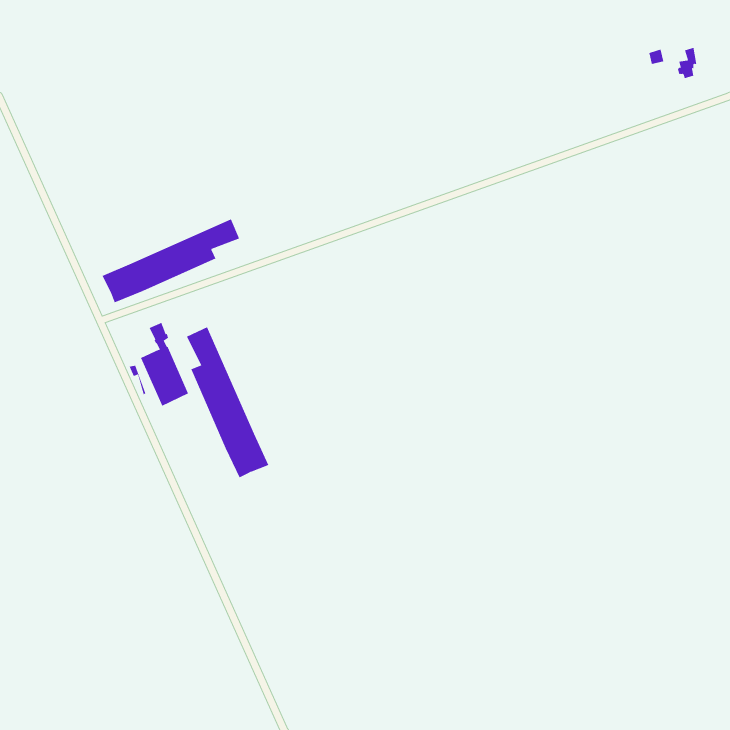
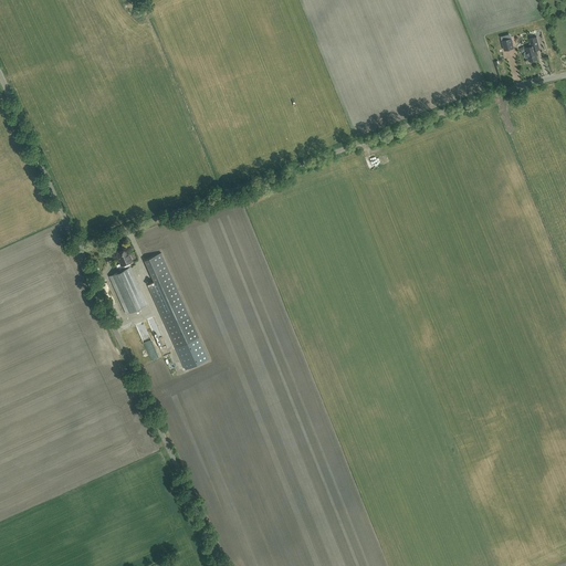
building: [102,219,240,303] -> none

